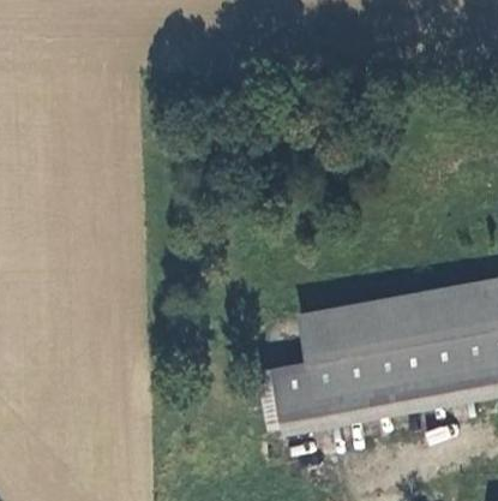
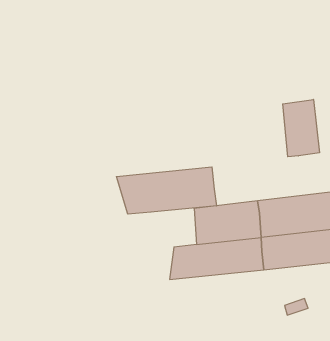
building: none -> [283,99,319,157]
building: none -> [116,167,217,214]

